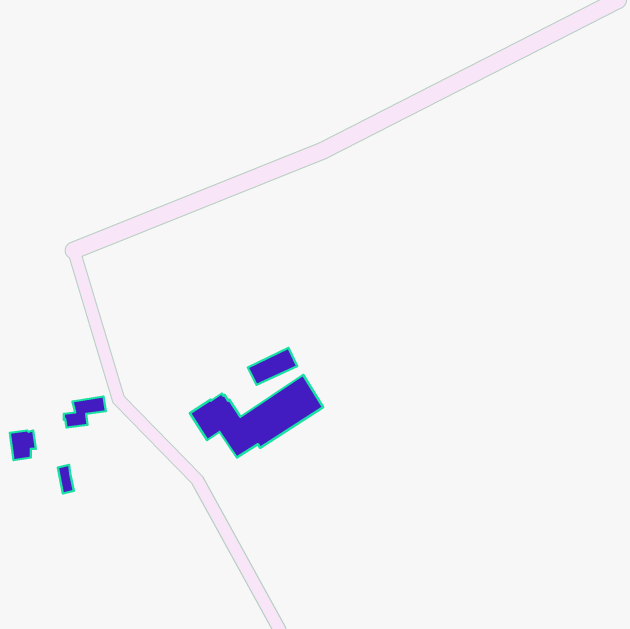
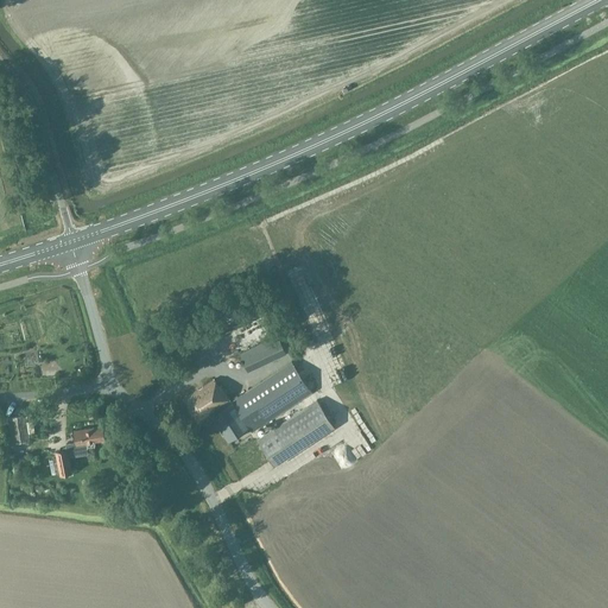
building: [64,397,106,427] -> [65,428,106,457]
building: none -> [256,400,329,460]

